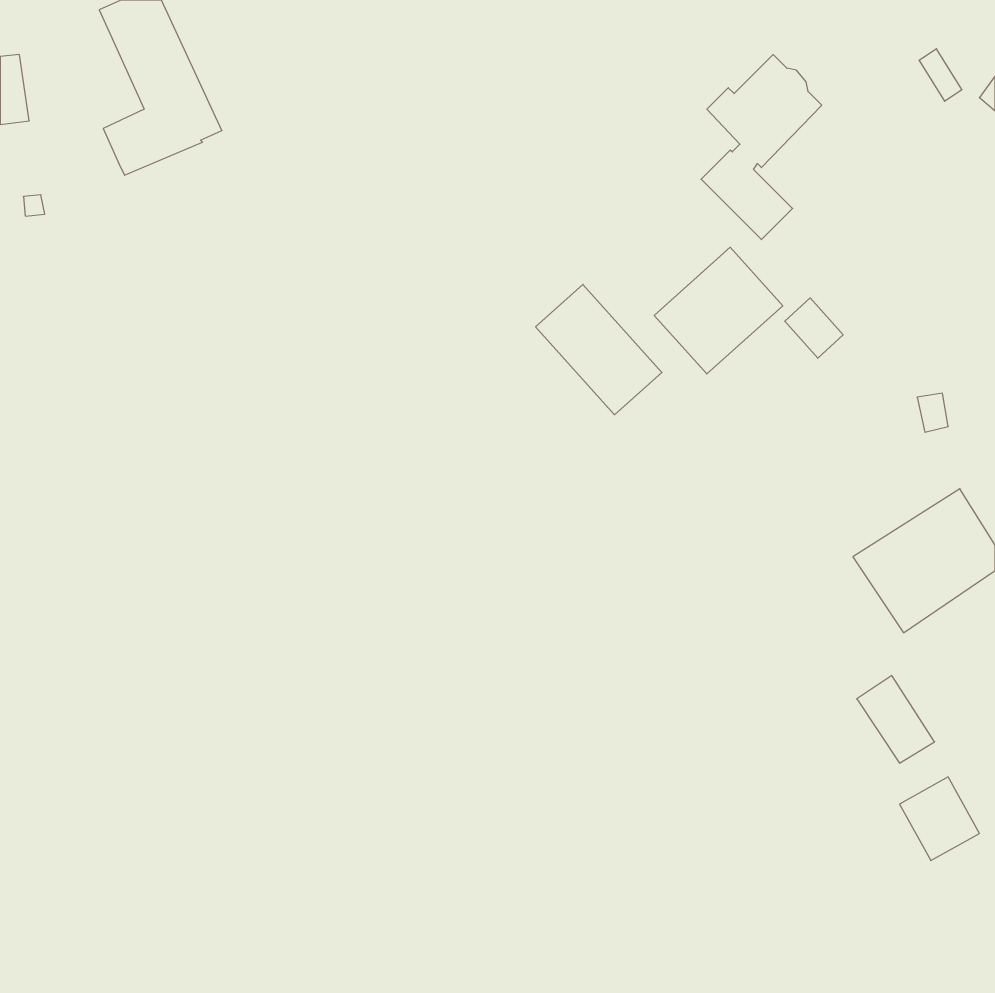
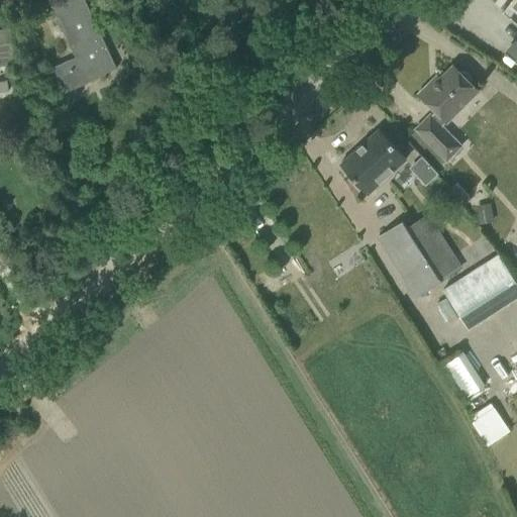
building: [701,55,822,240] -> [415,66,478,162]
building: [536,284,662,415] -> none
building: none -> [376,213,462,298]

